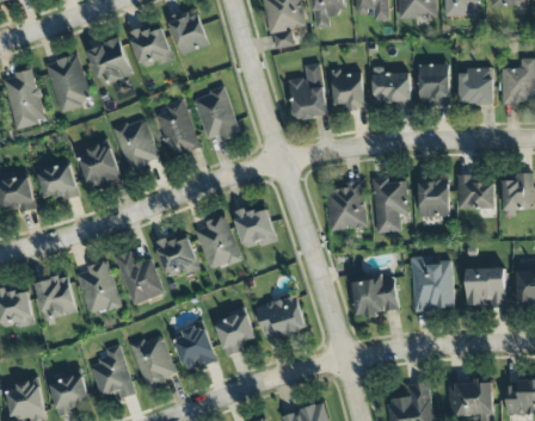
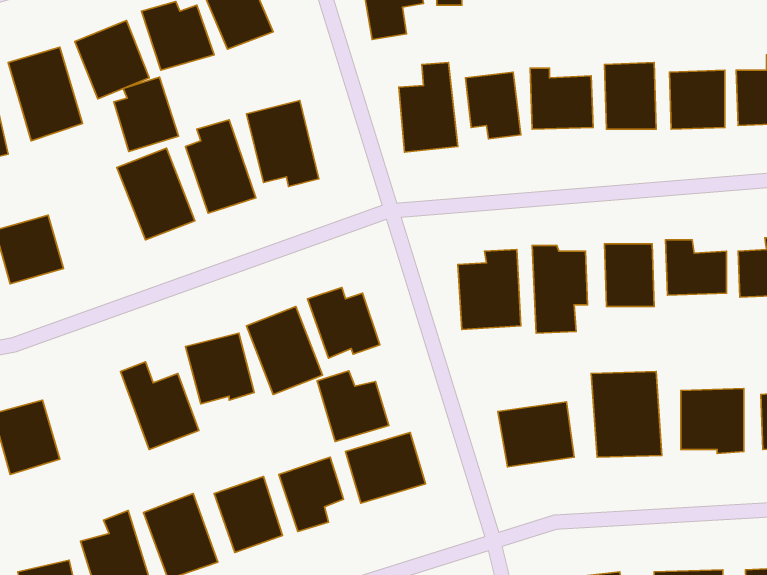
building: [80,141,121,187] -> [114,77,179,151]
building: none -> [317,371,389,441]
building: [74,261,121,315] -> none

